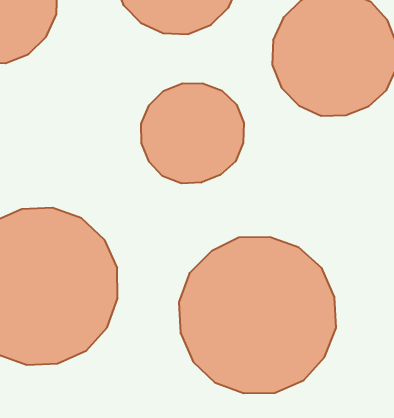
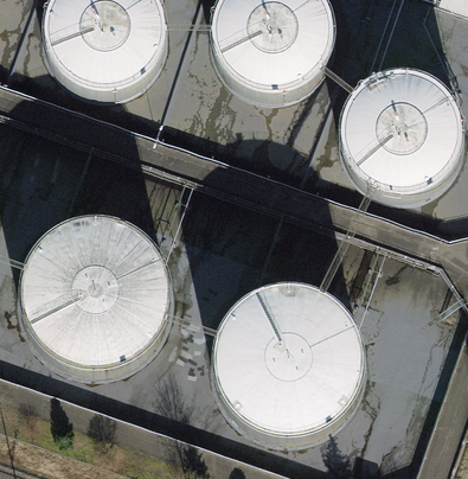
building: [141,83,244,183] -> none

